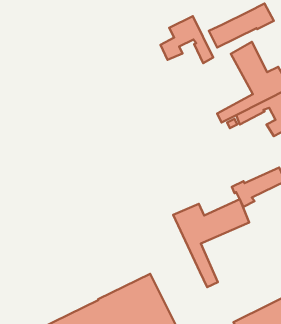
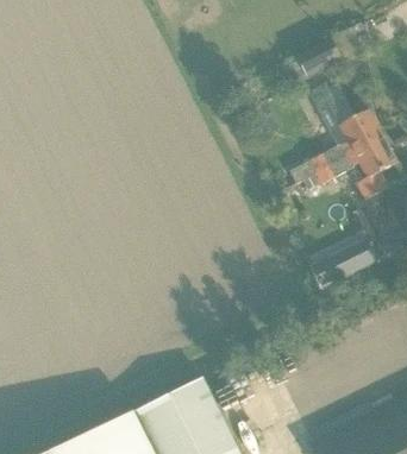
building: [161,16,213,63] -> none
building: [173,199,249,287] -> none

